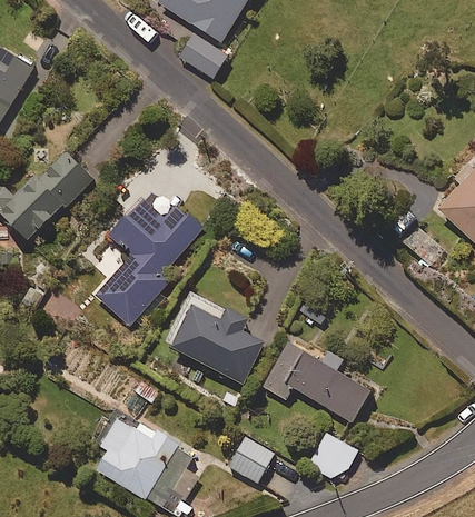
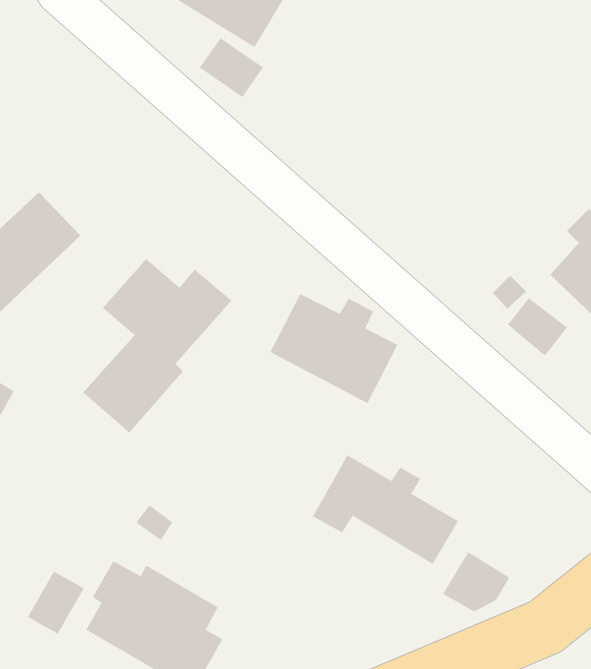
building: [171,304,266,385] -> [270,293,398,404]
building: none -> [27,571,85,635]
building: [308,433,358,477] -> [442,552,510,612]
building: [229,438,275,483] -> none

